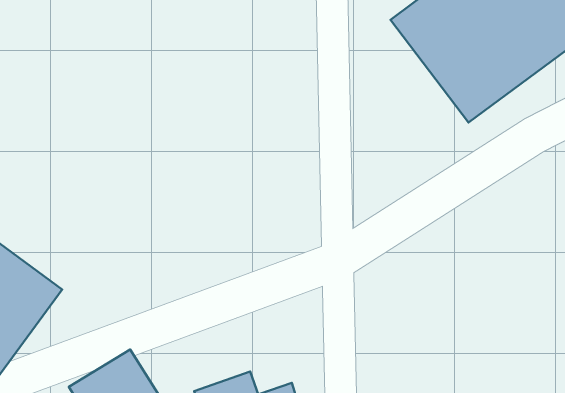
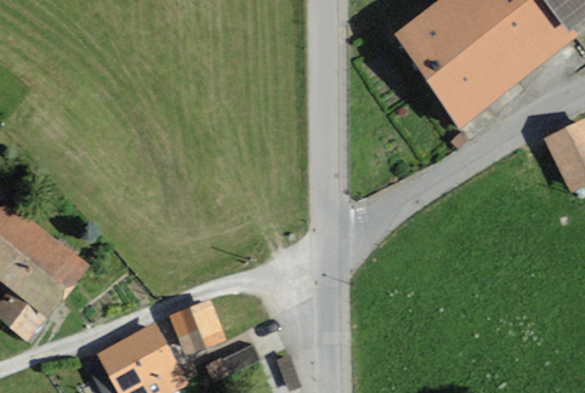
building: none -> [174,304,223,354]

